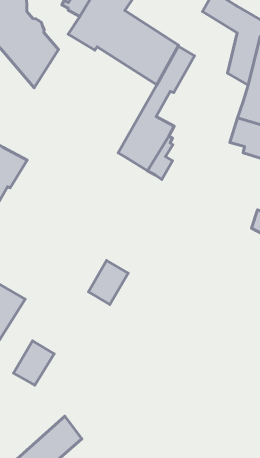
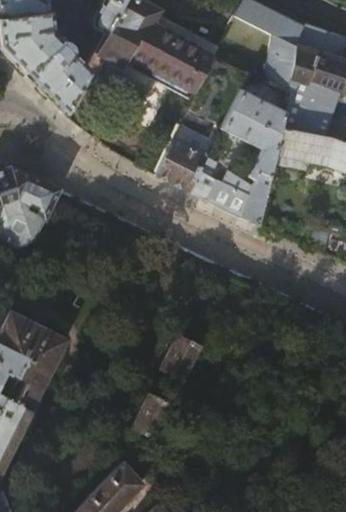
building: none -> [213,90,288,226]
building: [88,260,128,305] -> [160,334,201,381]
building: [13,341,54,385] -> [131,393,173,440]

